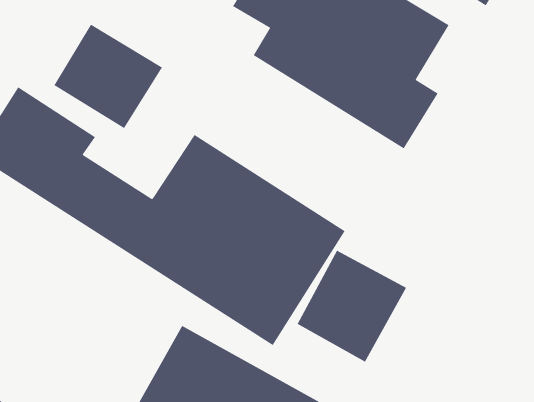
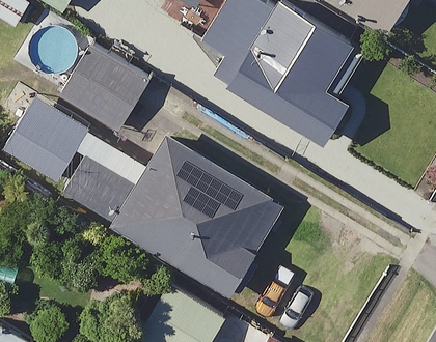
building: [297,250,407,362] -> none

